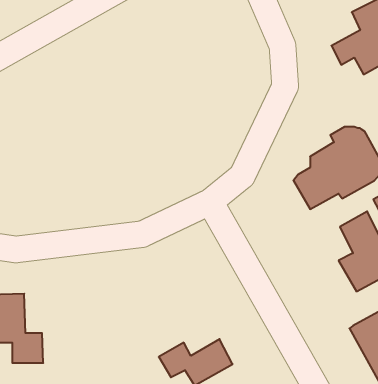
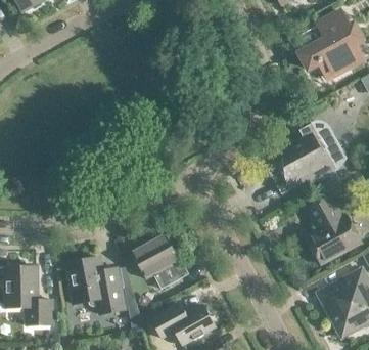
building: none -> [132,232,180,288]
building: none -> [66,256,125,312]

